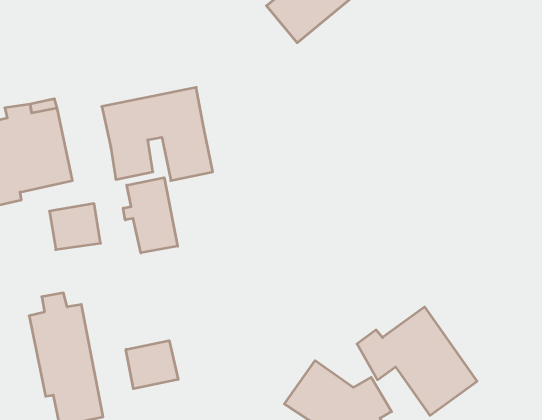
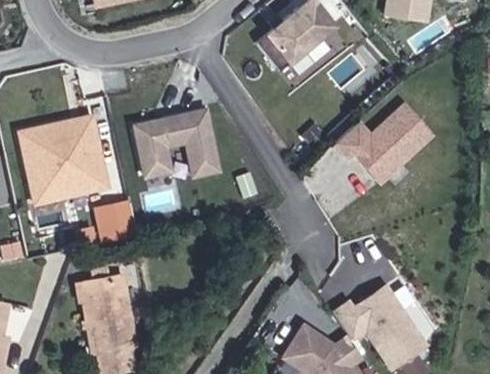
building: none -> [337,105,434,183]
building: [123,178,178,253] -> none
building: [126,341,178,389] -> none

